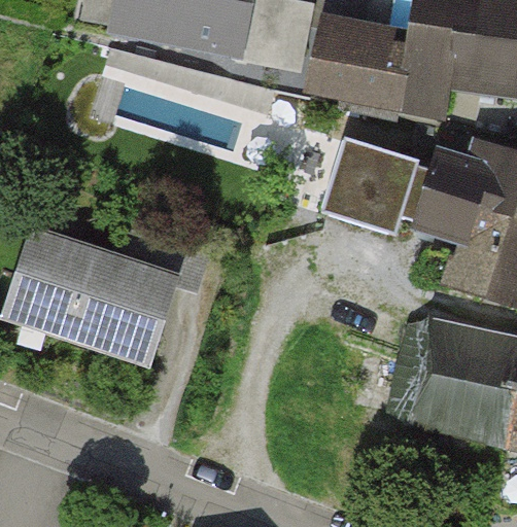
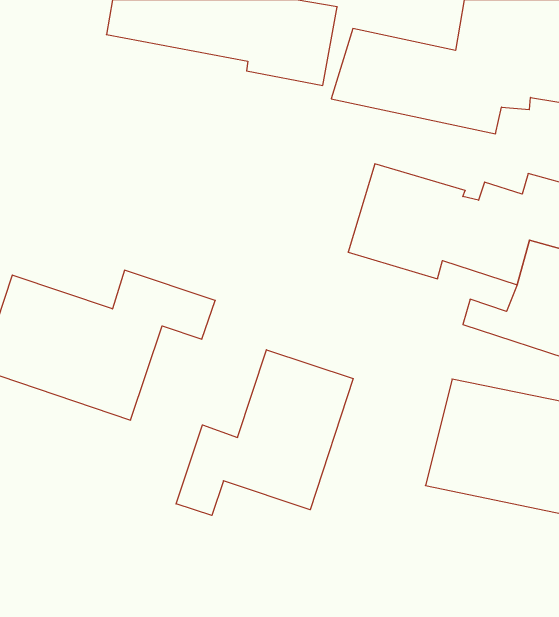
building: none -> [176,350,353,515]

